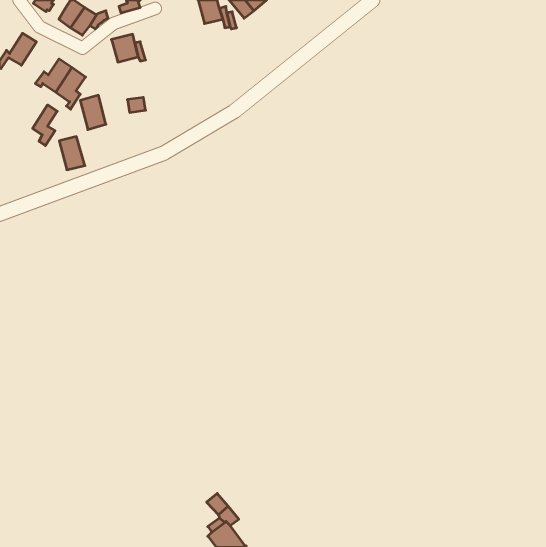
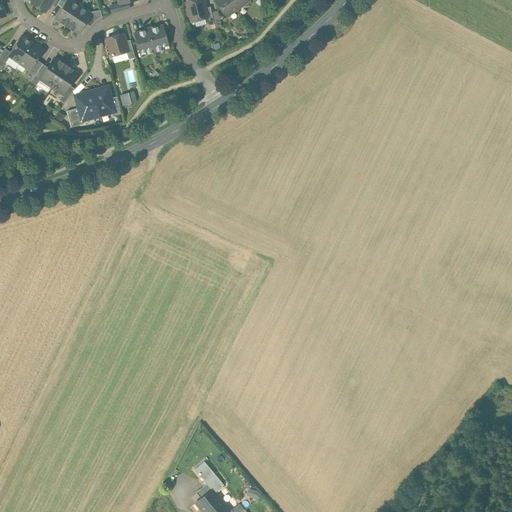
building: none -> [133,23,169,55]
building: [33,105,57,146] -> [20,39,43,77]
building: [59,137,85,170] -> [92,85,116,116]

